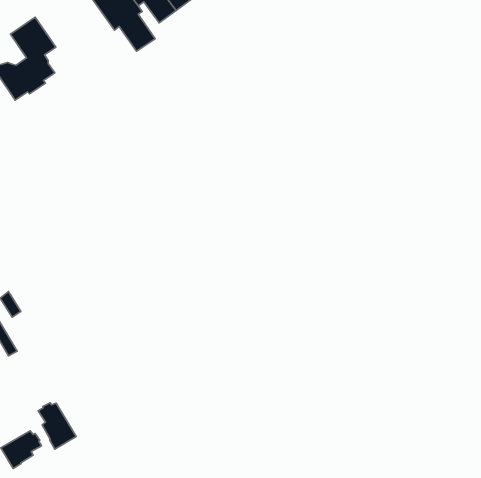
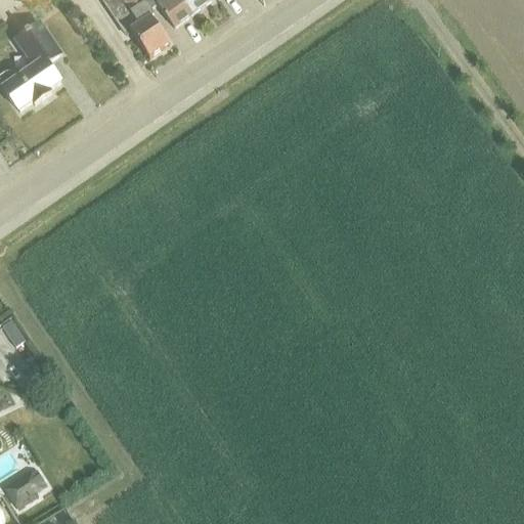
building: [38,403,76,449] -> none

